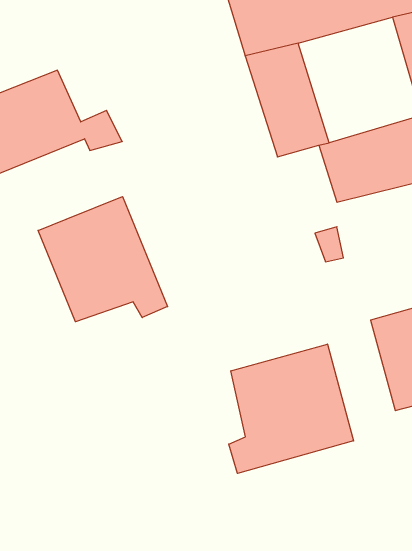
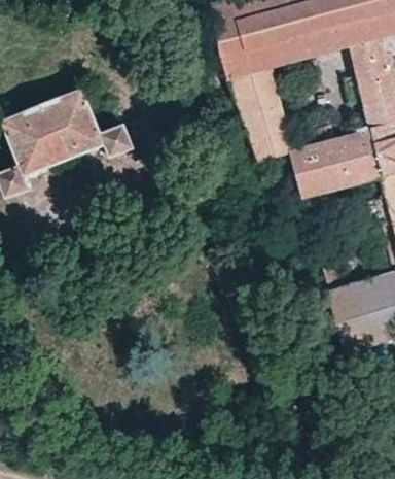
building: [38,197,168,322] -> none
building: [229,344,354,473] -> none

